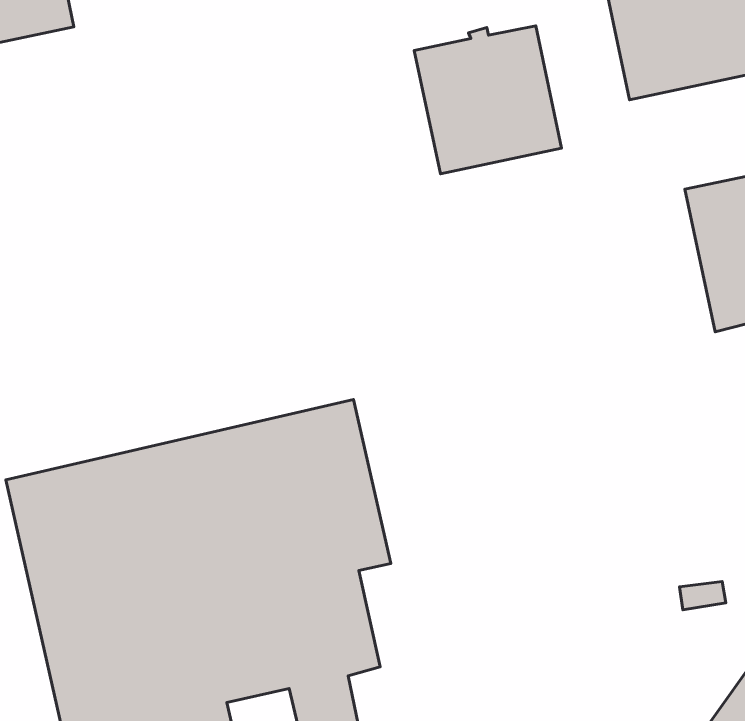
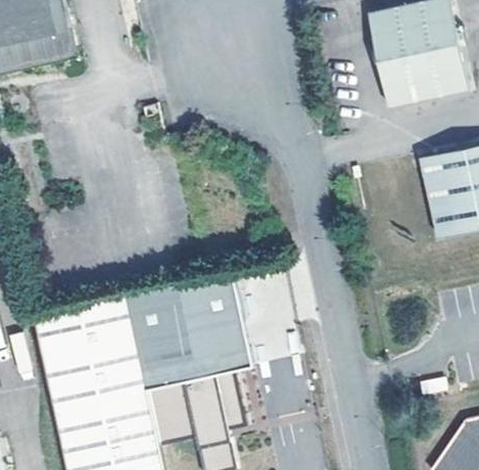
building: [414,26,562,174] -> none

